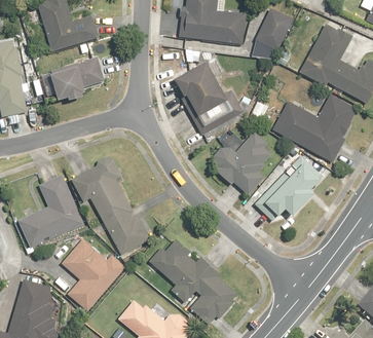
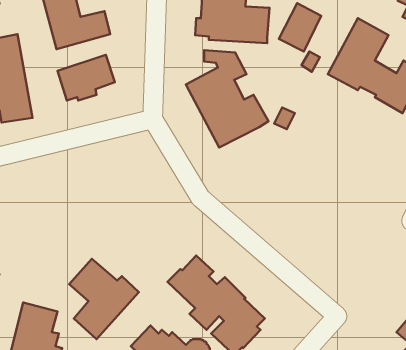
building: [269,97,353,166] -> none
building: [209,133,268,197] -> none
building: [73,153,152,253] -> none
building: [251,155,318,222] -> none
building: [20,173,85,247] -> none

